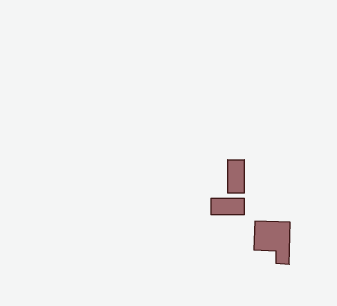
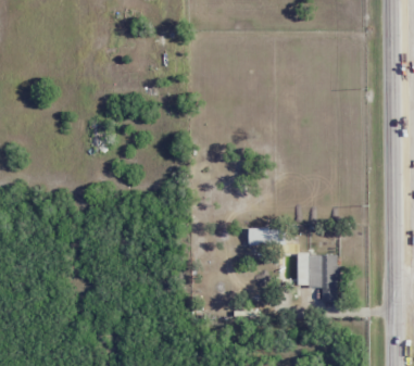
building: [228,160,244,193] -> none

